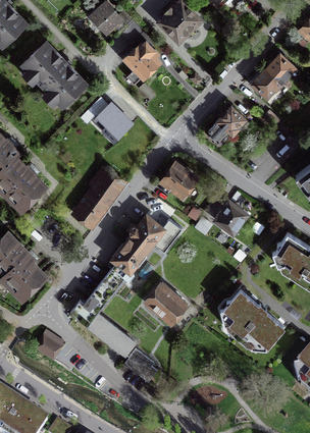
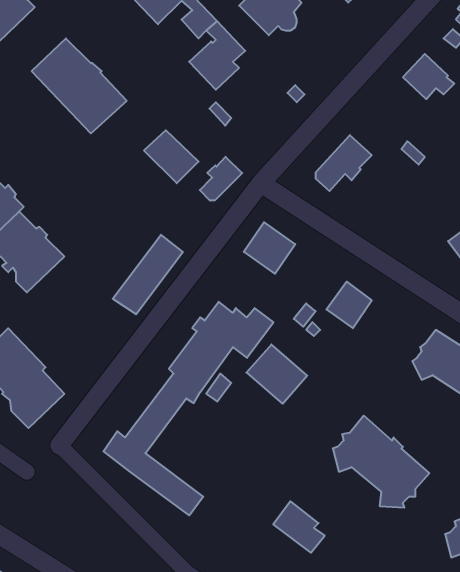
building: [252,67,281,98] -> none
building: none -> [200,157,242,201]
building: [147,281,187,320] -> [246,344,307,404]
building: [35,328,64,358] -> none
building: [124,347,158,381] -> [273,501,325,553]

